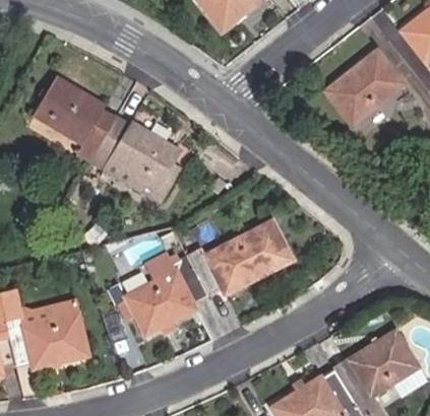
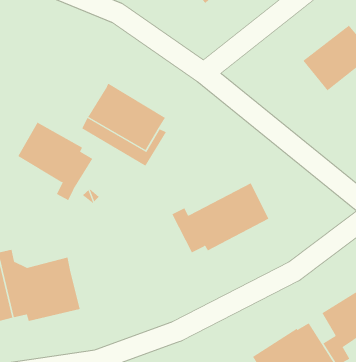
building: [35,79,116,163] -> [17,122,93,201]
building: [118,251,207,336] -> none

